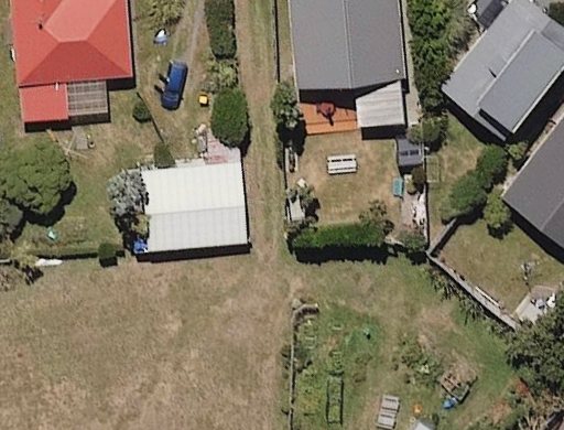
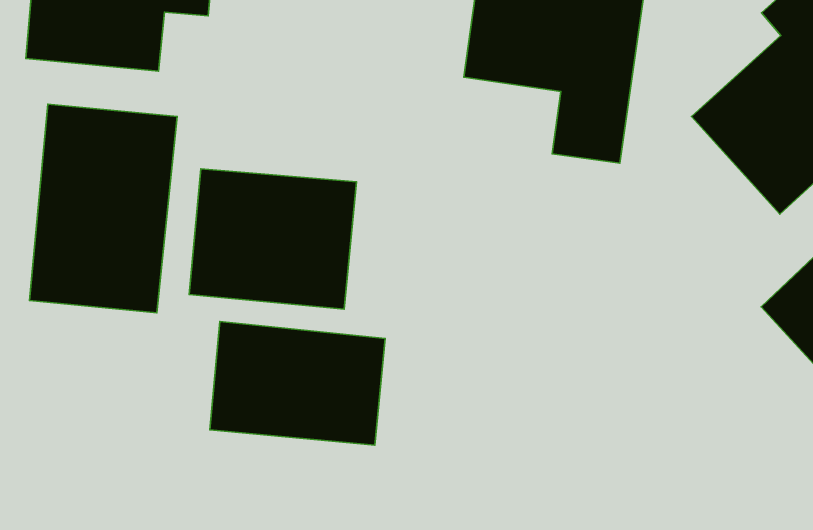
building: none -> [29,104,177,313]
building: none -> [210,321,385,445]

